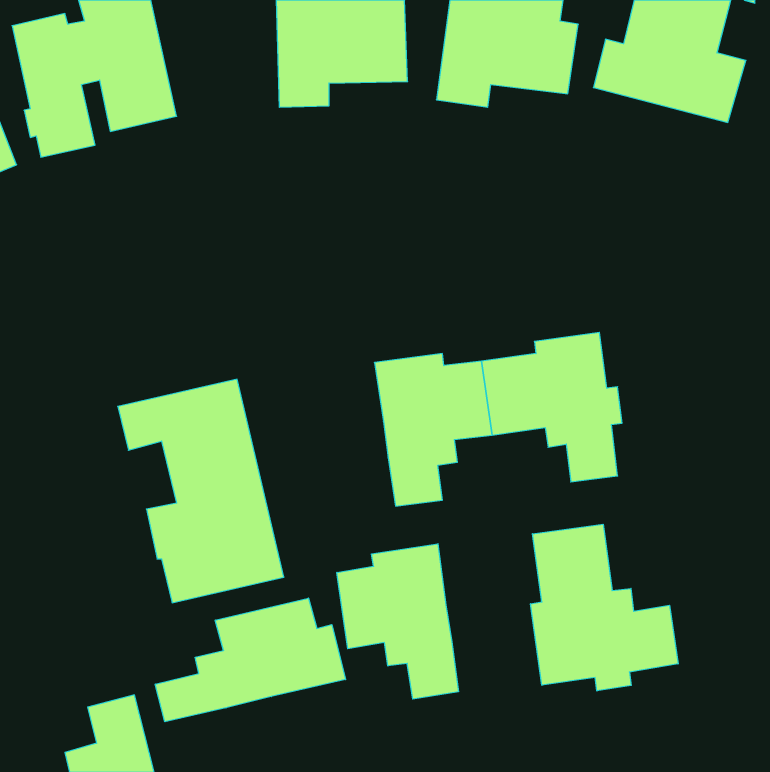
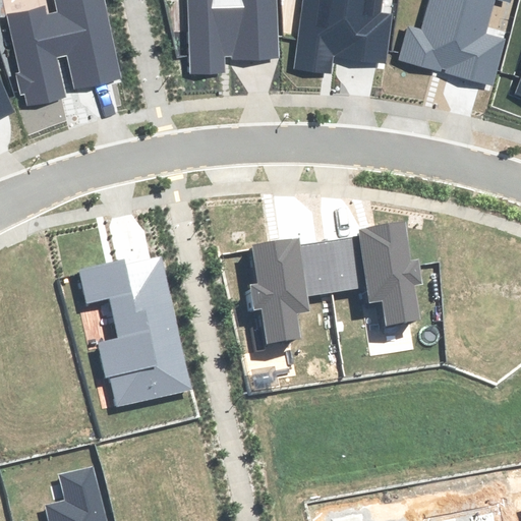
building: [531,524,678,691] -> none
building: [337,544,458,699] -> none
building: [155,598,346,722] -> none

